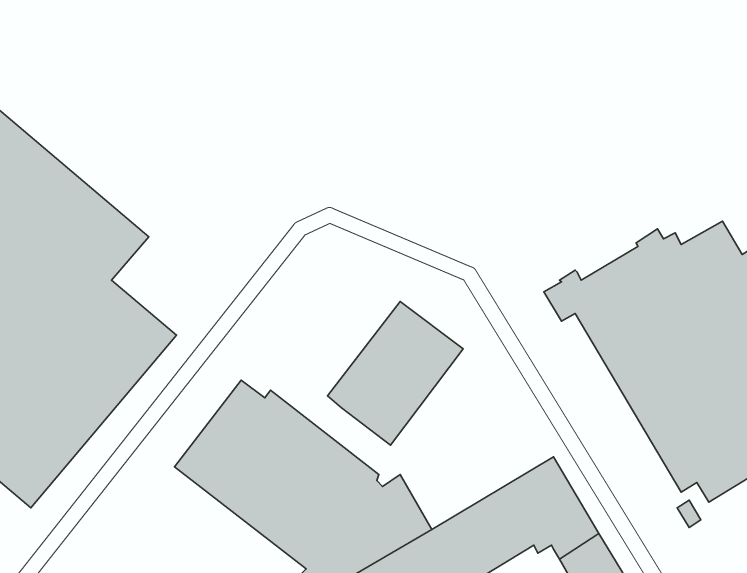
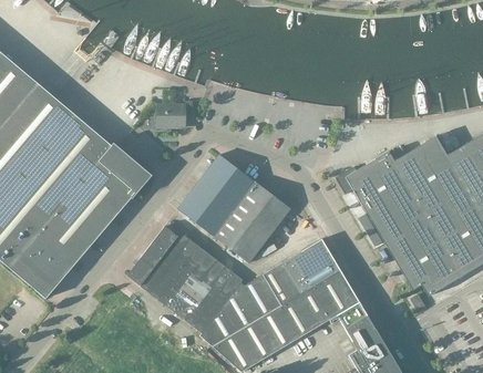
building: none -> [156,101,192,128]
building: none -> [91,145,150,201]
building: none -> [177,155,254,236]
building: none -> [254,239,340,310]

